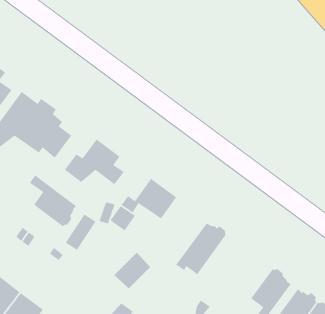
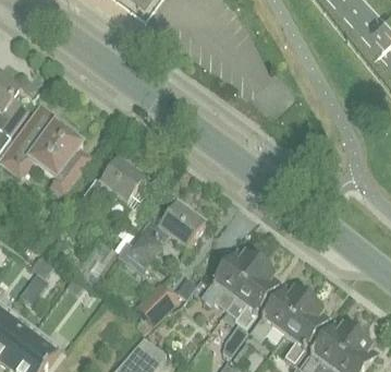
building: [29,174,77,227] -> none
building: none -> [224,265,277,328]
building: none -> [249,287,305,340]

